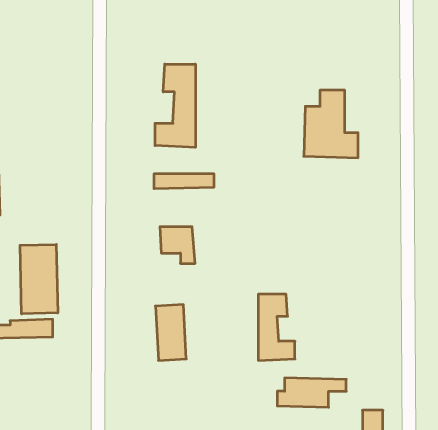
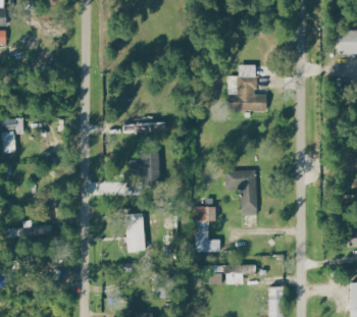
building: [155,64,195,147] -> none
building: none -> [226,169,258,213]
building: [20,244,58,314] -> none

